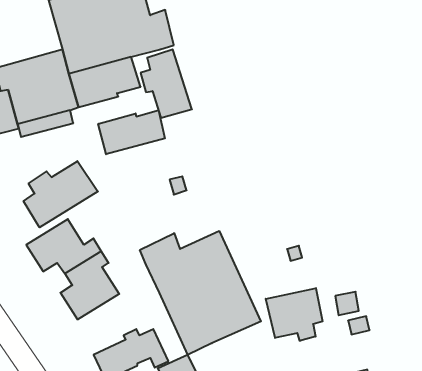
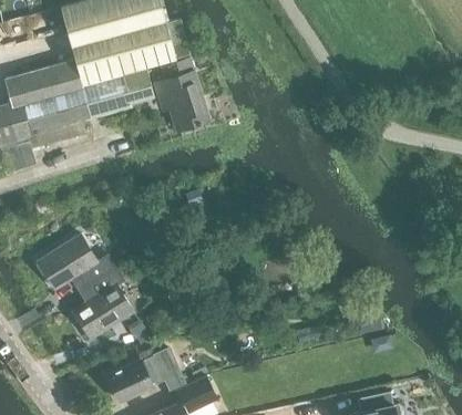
building: [98,110,165,154] -> none
building: [24,161,98,227] -> none
building: [140,231,261,355] -> none
building: [266,288,323,341] -> none

